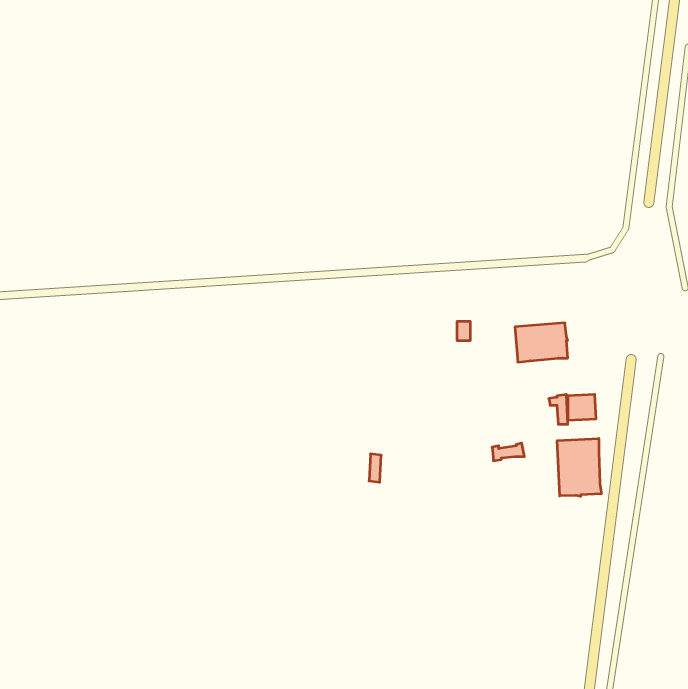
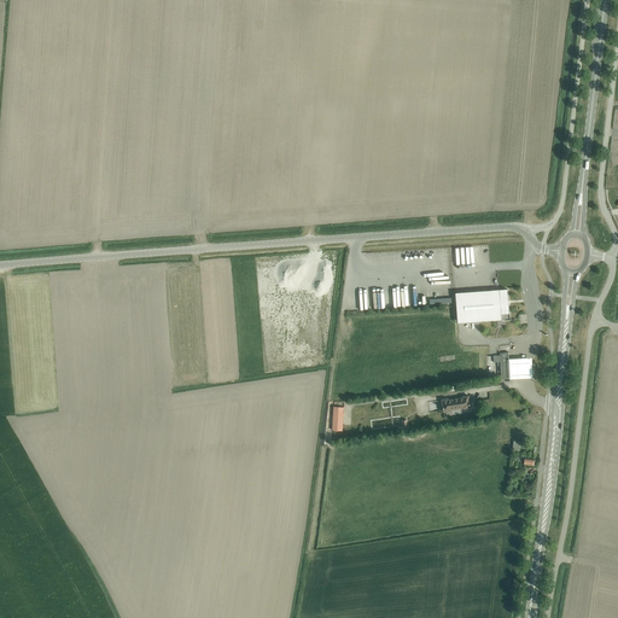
building: [557,438,601,496] -> none

